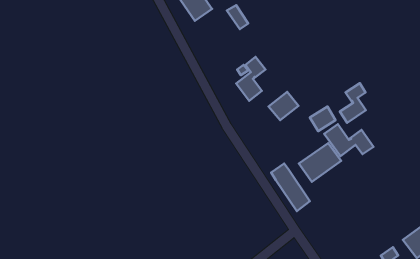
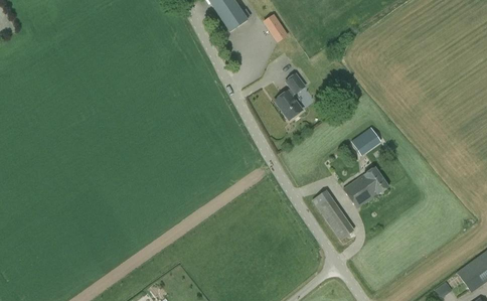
building: [340,83,366,123] -> none
building: [269,92,298,120] -> none
building: [324,124,374,156] -> none

